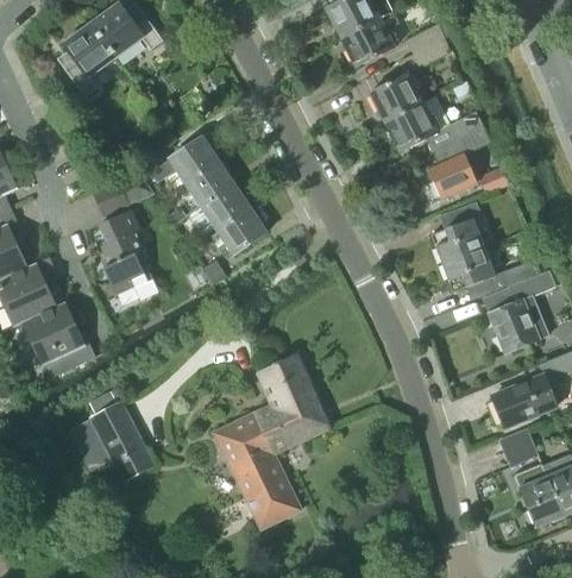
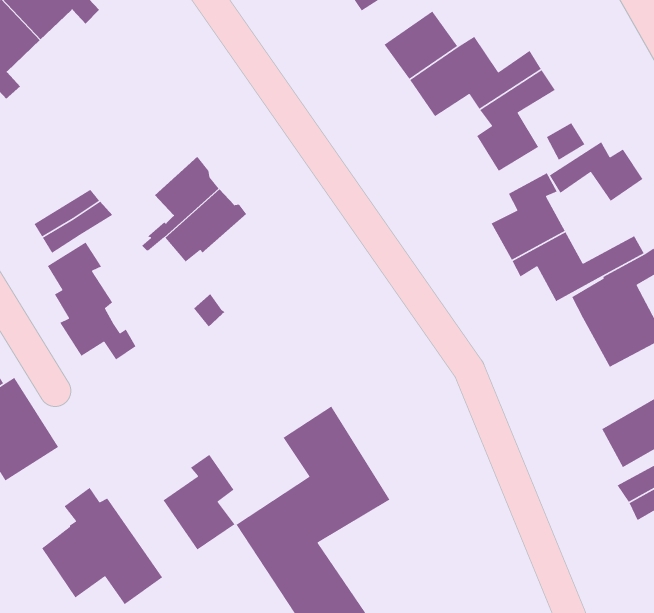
building: [151,136,220,182] -> none
building: none -> [549,141,643,202]
building: [214,205,266,256] -> none
building: none -> [163,454,235,551]

